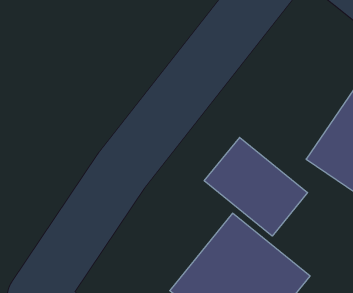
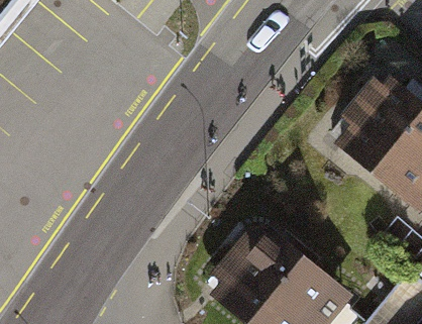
building: [204,137,308,236] -> none

